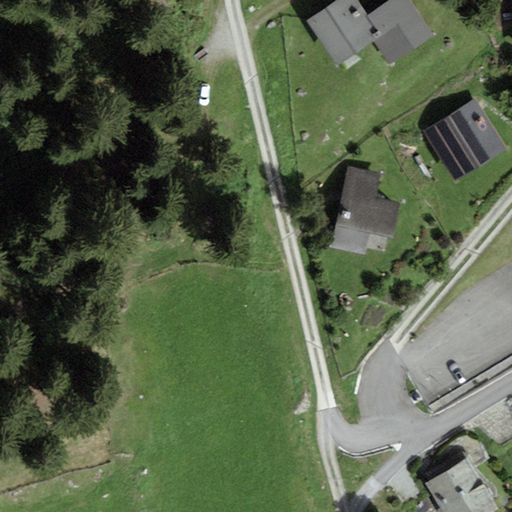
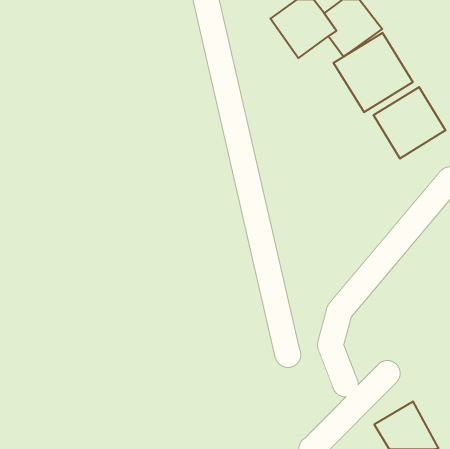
building: none -> [334,33,413,112]
building: [330,166,401,252] -> none

